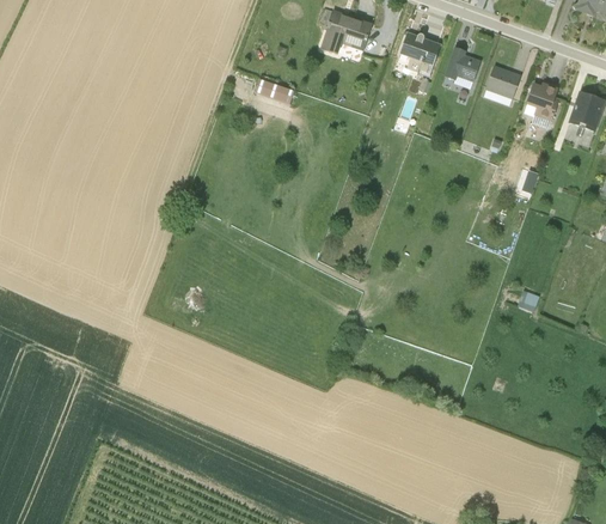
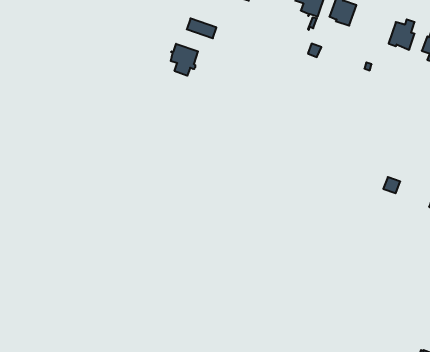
building: [483,66,521,104] -> none
building: none -> [171,44,198,76]

